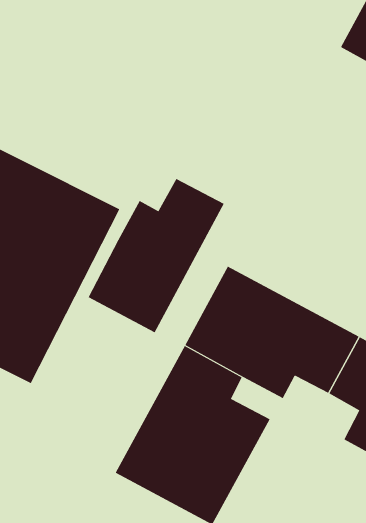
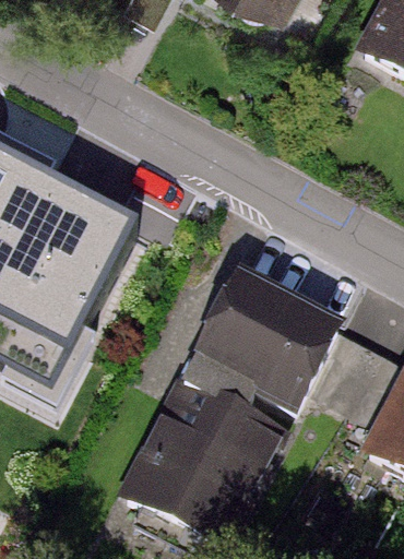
building: [88,178,224,333] -> none

